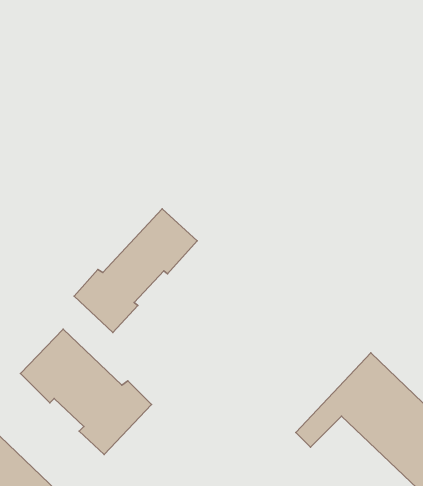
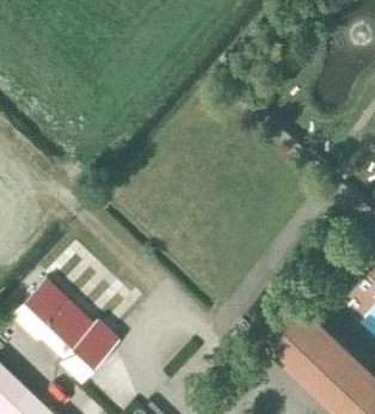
building: [74,209,197,332] -> none

